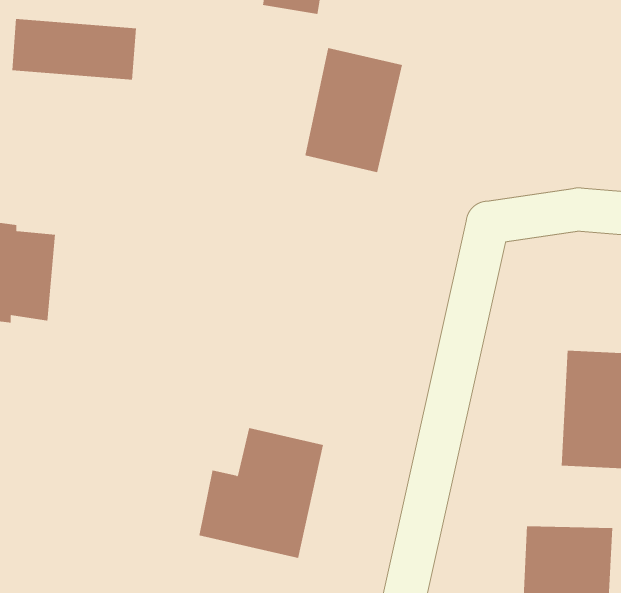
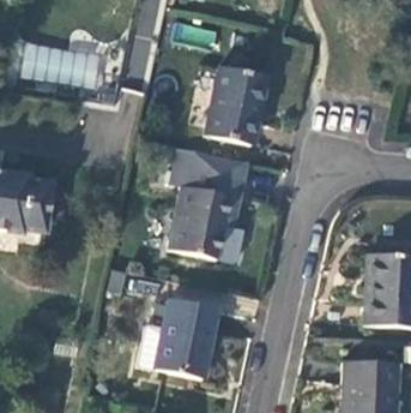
building: none -> [171,149,246,259]

